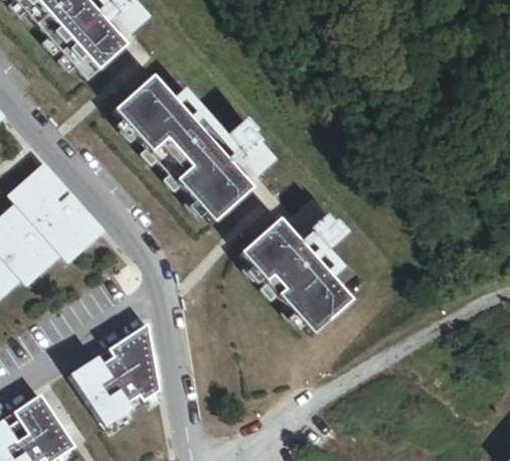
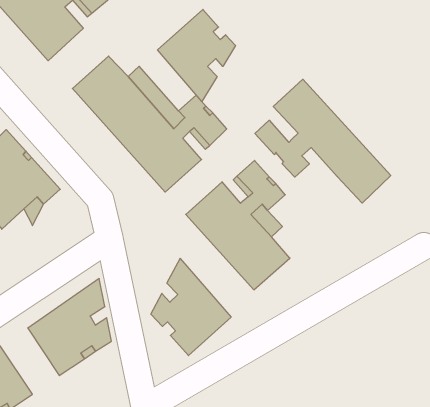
building: none -> [158,9,236,101]
building: none -> [255,79,391,203]
building: none -> [151,258,231,356]

